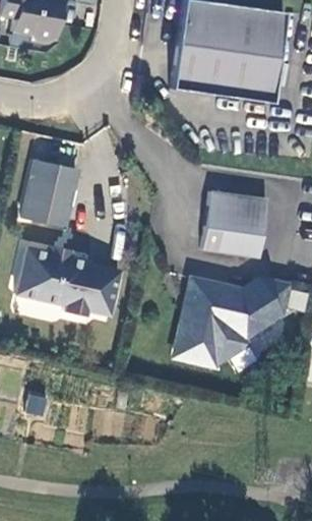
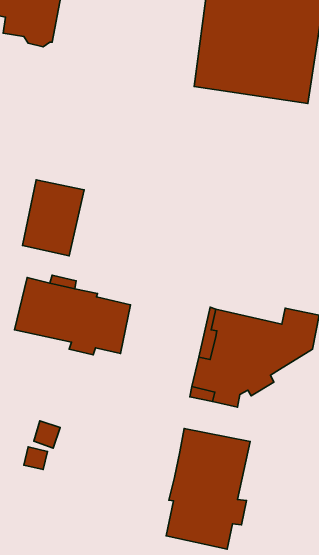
building: [201,191,266,256] -> none
building: none -> [166,429,250,549]

